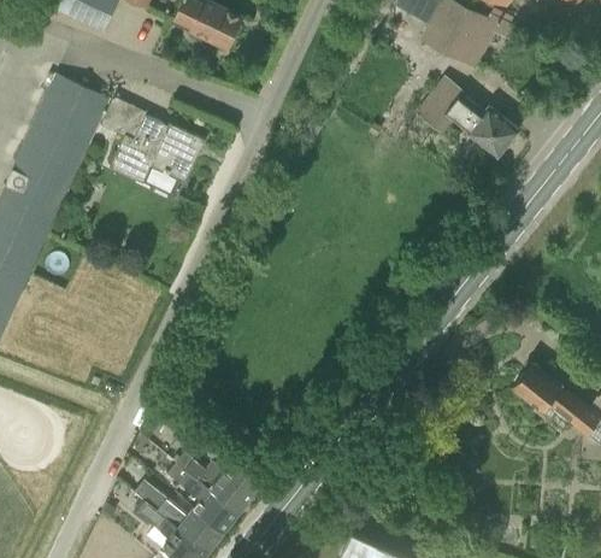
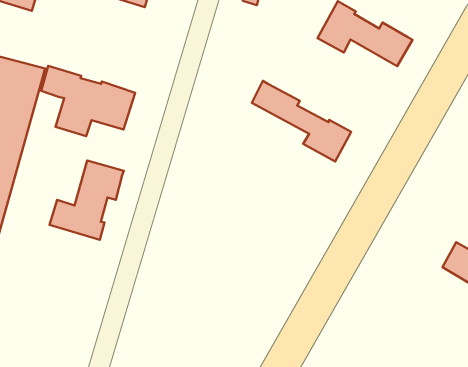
building: none -> [252,81,351,161]
building: none -> [50,160,124,240]

